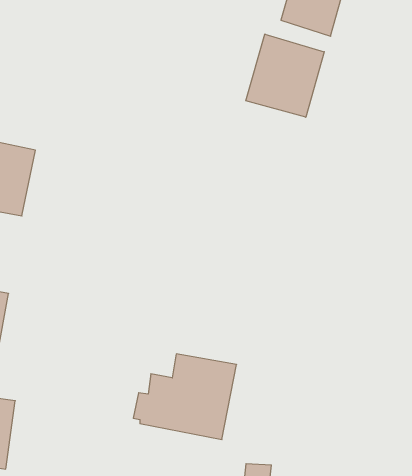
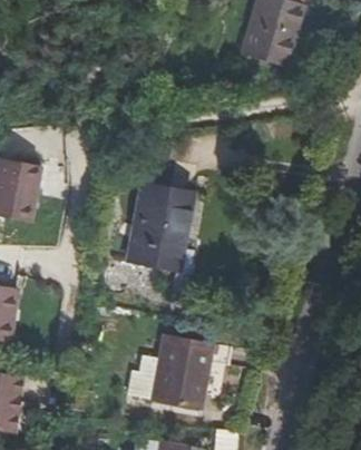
building: [246,34,324,117] -> none
building: none -> [130,179,196,267]

